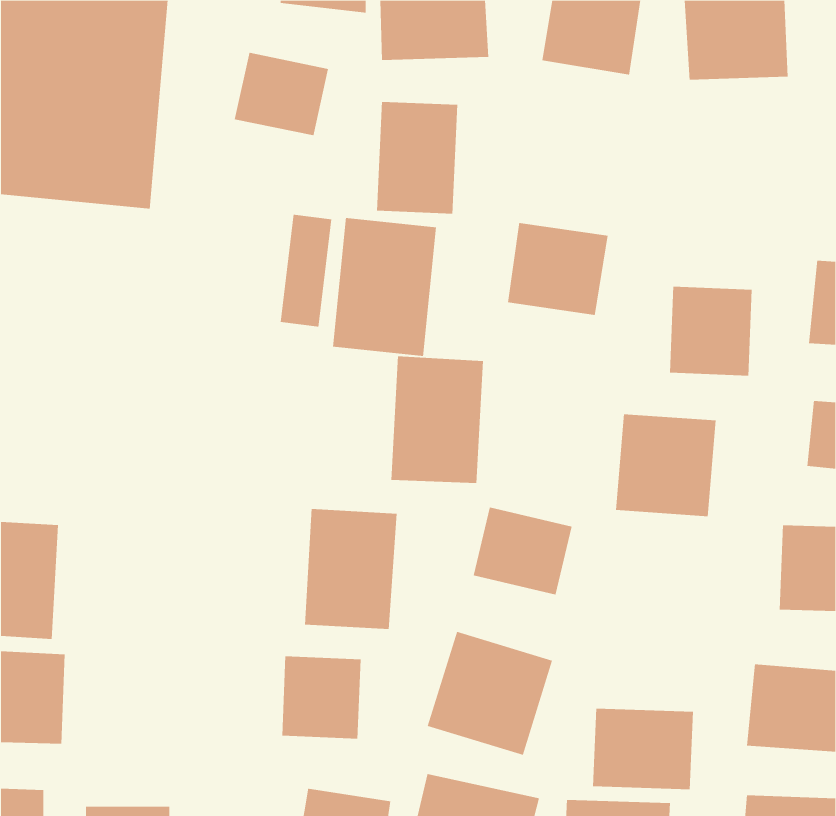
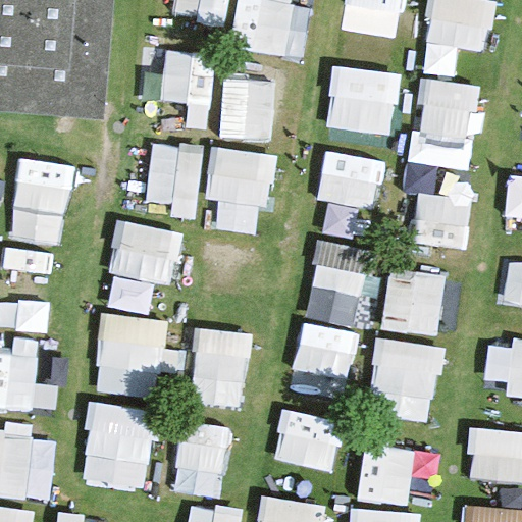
building: none -> [321,65,388,143]
building: none -> [416,81,477,168]
building: none -> [13,160,69,240]
building: none -> [105,220,182,309]
building: [391,356,484,484] -> [308,246,366,325]
building: none -> [95,313,169,395]
building: none -> [364,333,445,404]
building: none -> [84,405,154,488]

